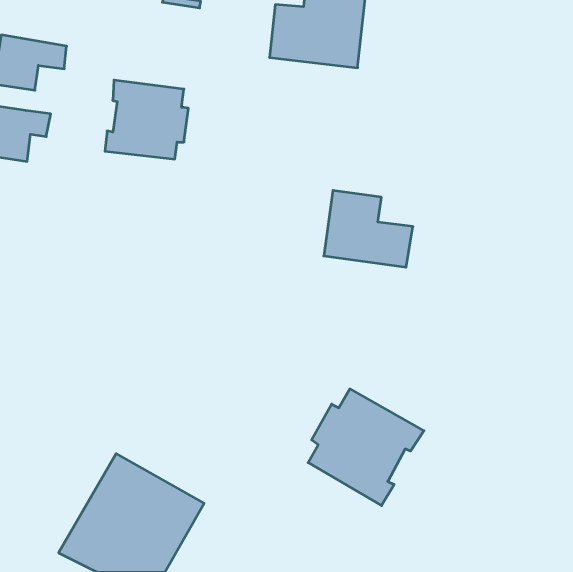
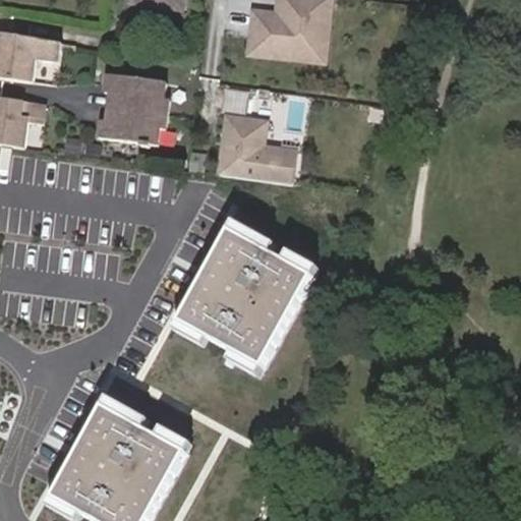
building: [324,190,413,267] -> [215,111,295,180]
building: none -> [180,234,311,366]
building: [308,389,424,506] -> none

